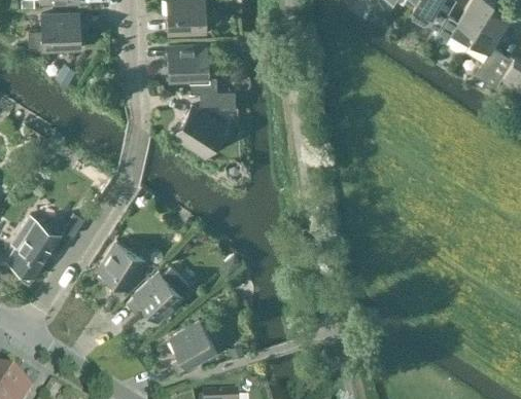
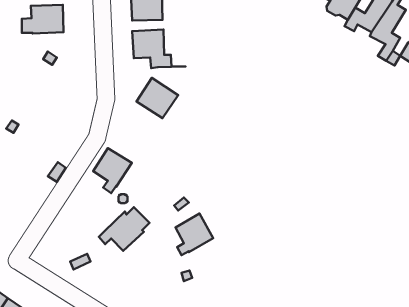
building: [200,88,236,106] -> none
building: [6,213,60,277] -> none
building: [97,241,145,297] -> [93,148,132,193]
building: [169,320,216,372] -> [176,214,213,255]

